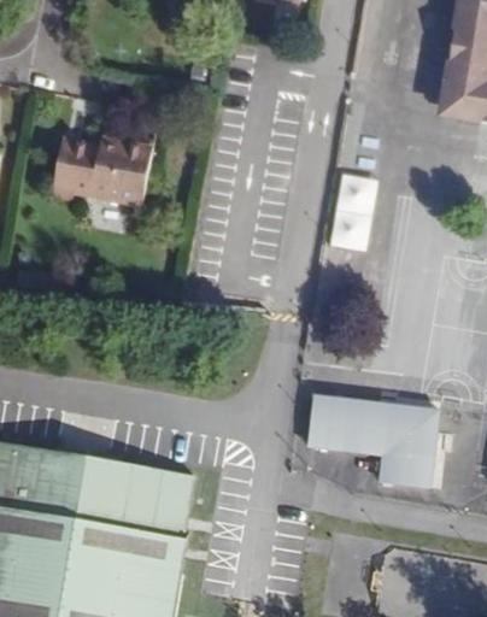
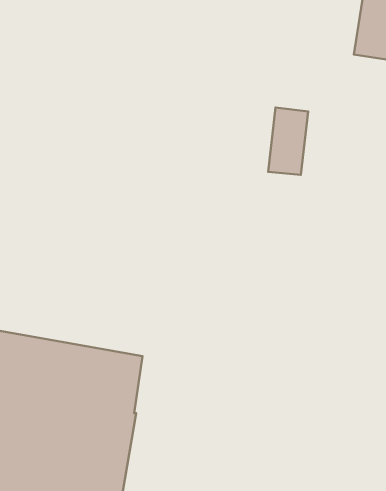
building: [40,137,141,205] -> none
building: [317,399,445,493] -> none

